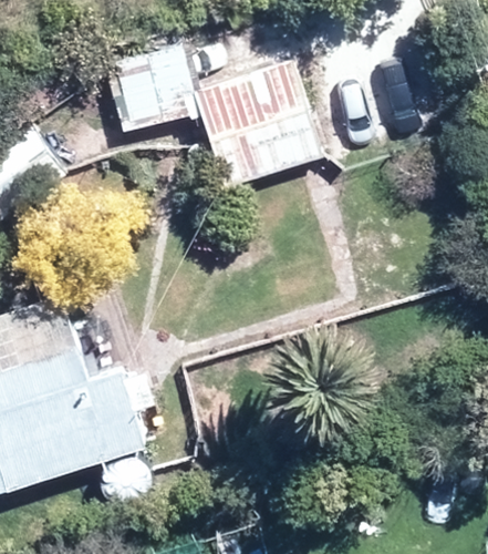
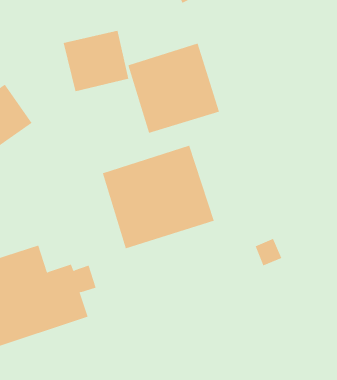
building: none -> [102,145,215,249]

